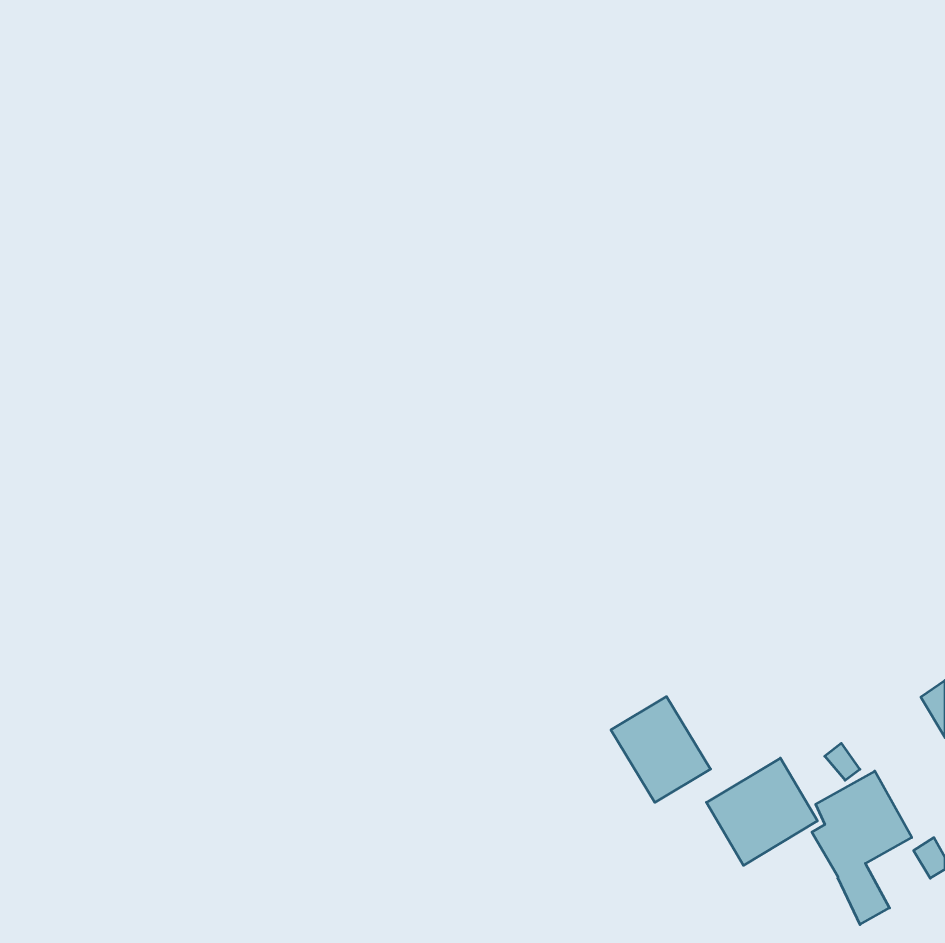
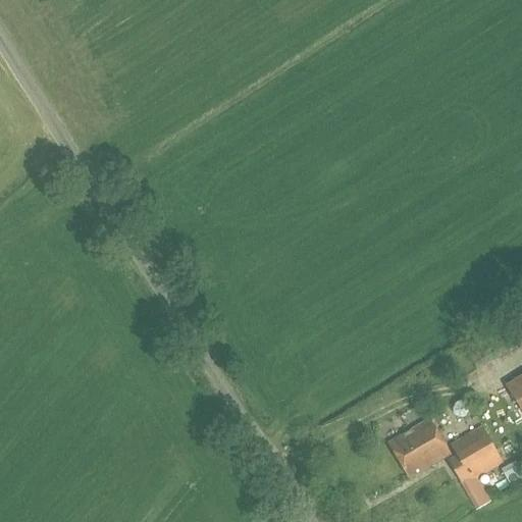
building: [611,697,711,802] -> none

